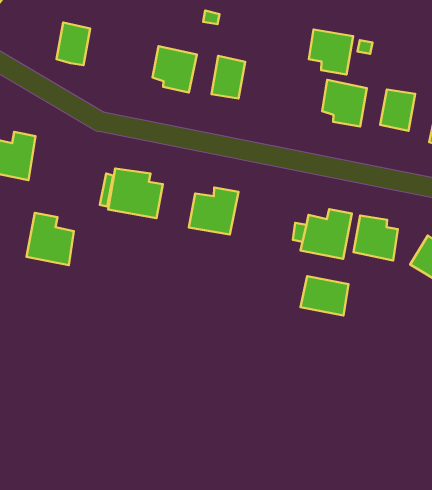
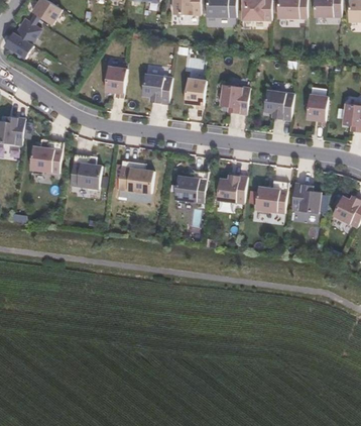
building: [57,22,90,65] -> [105,65,127,94]
building: [309,29,353,75] -> [220,84,250,114]
building: none -> [216,174,247,204]
building: [27,213,74,265] -> [70,153,102,189]
building: [300,276,348,316] -> none

